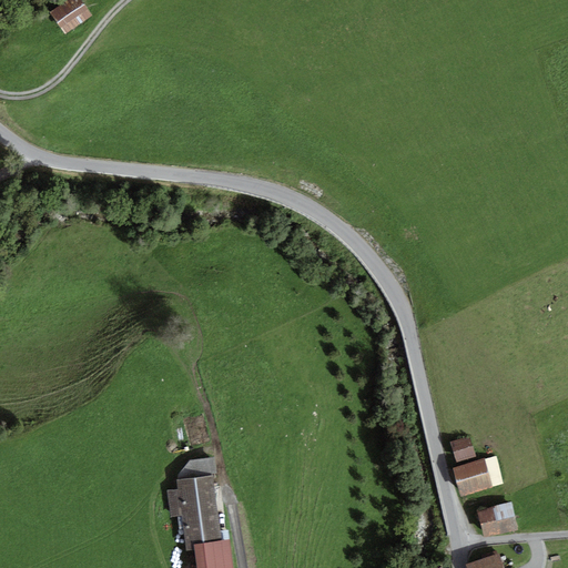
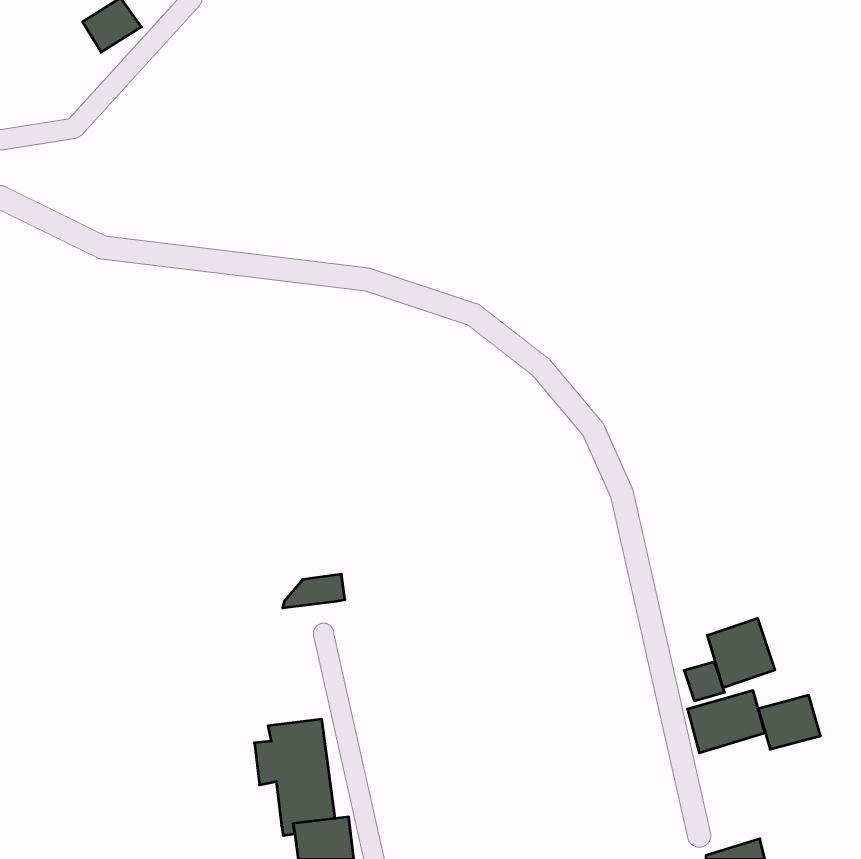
building: none -> [707,618,775,688]
building: [176,456,217,478] -> [283,574,345,608]
building: [477,501,518,537] -> [758,695,821,749]

